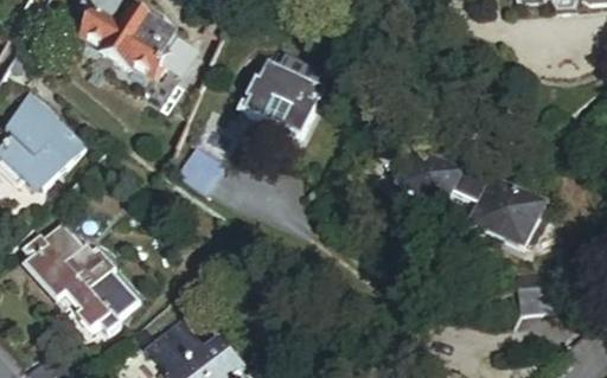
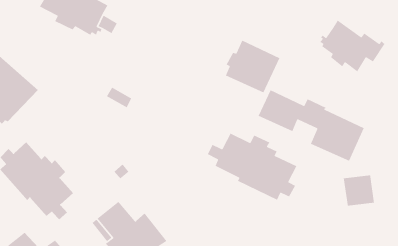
building: none -> [319,20,386,72]
building: [236,63,314,139] -> [225,39,281,93]
building: none -> [207,133,297,201]

